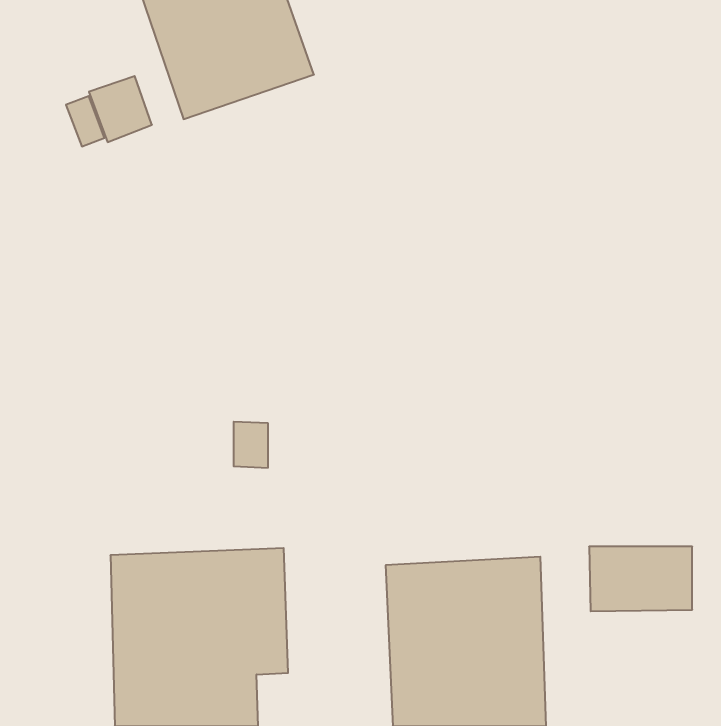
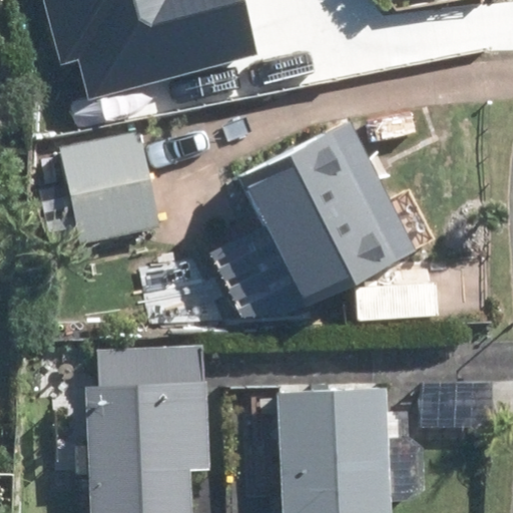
building: none -> [61,132,161,244]
building: none -> [238,135,392,312]

